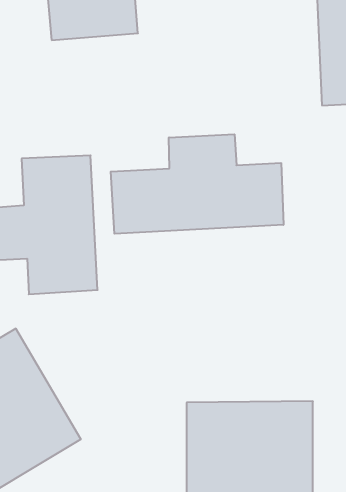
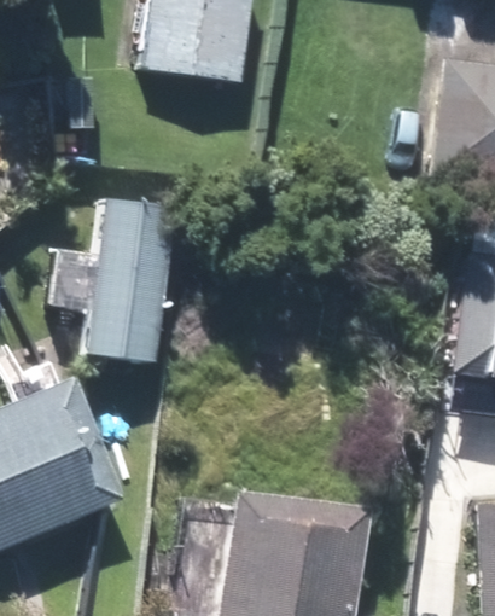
building: [111,134,283,234] -> none

